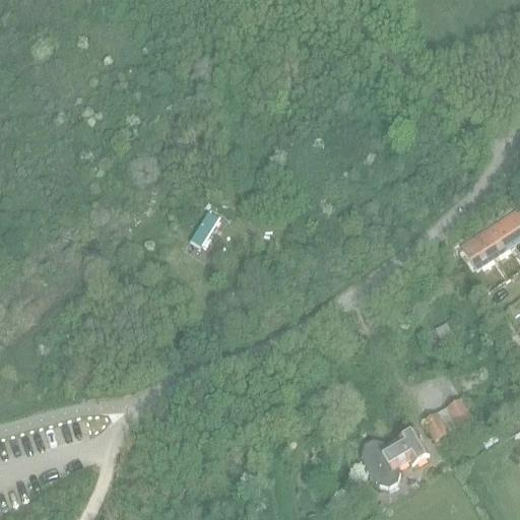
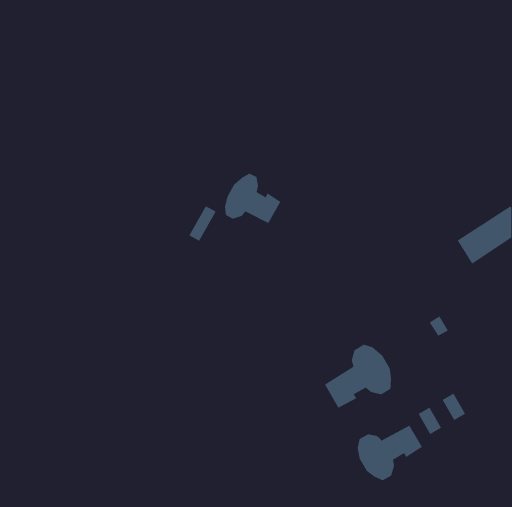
building: none -> [224,173,281,224]
building: none -> [324,344,392,409]

